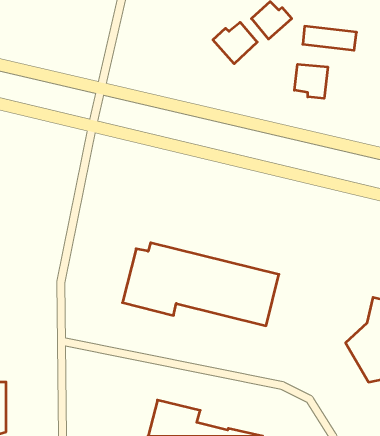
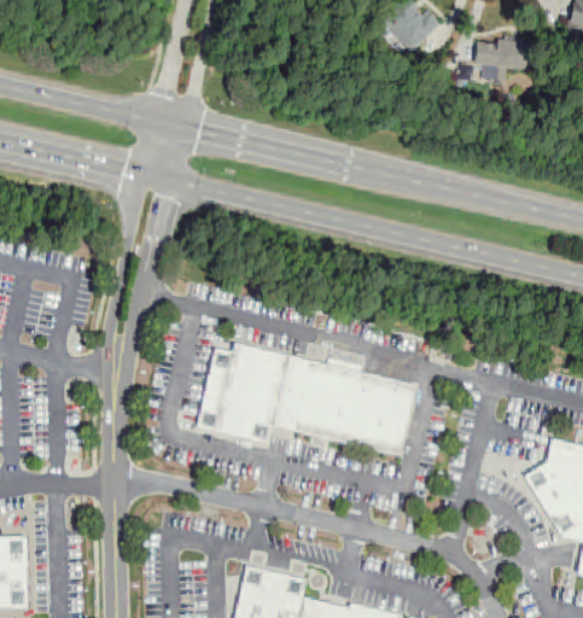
building: [213,22,257,64] -> none
building: [294,64,328,98] -> none

